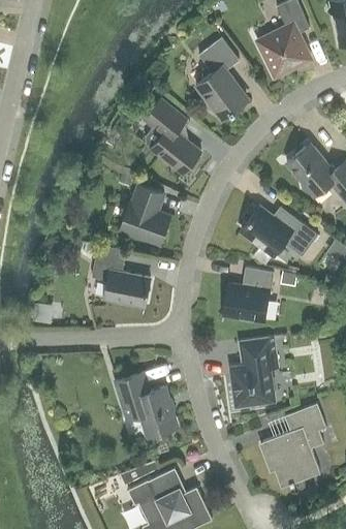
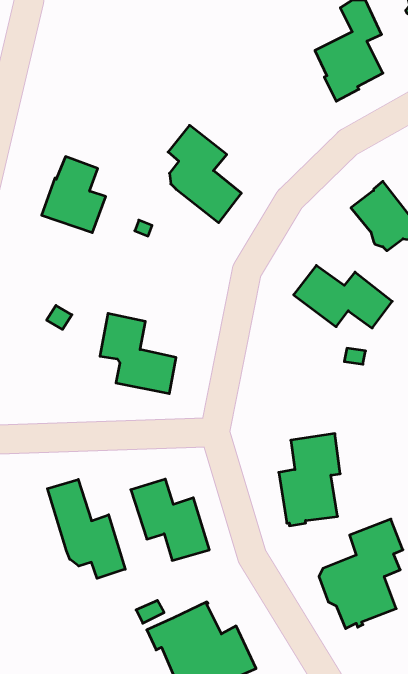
building: [196,37,248,121] -> none
building: [121,185,170,244] -> [42,157,106,233]
building: [223,268,274,321] -> none
building: none -> [47,479,125,578]

